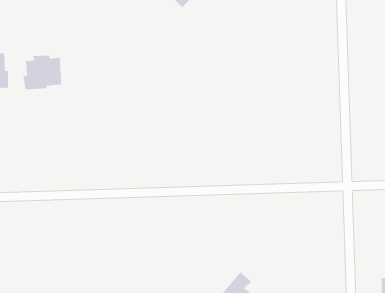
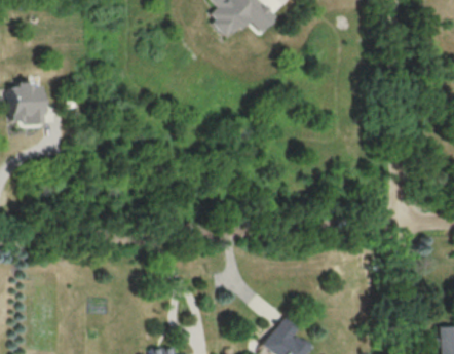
building: [23,55,62,90] -> none

